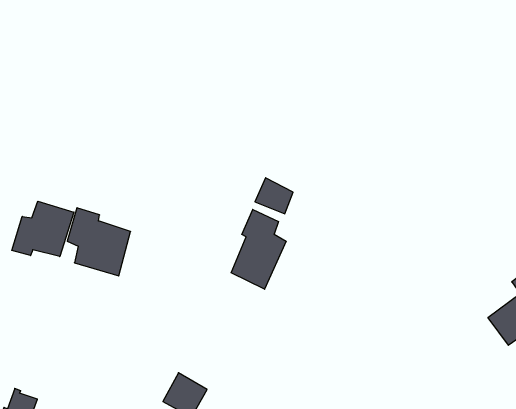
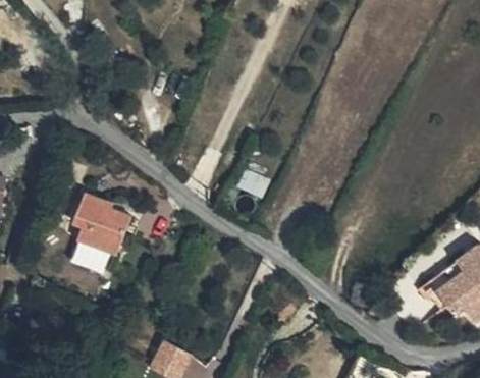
building: [12,201,74,257] -> none
building: [231,209,286,289] -> none

